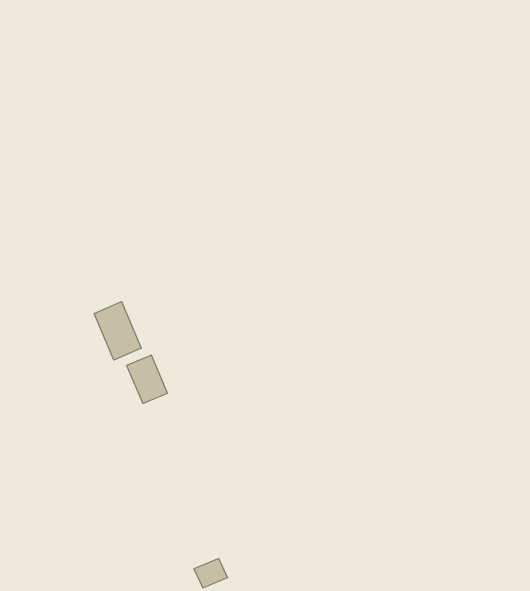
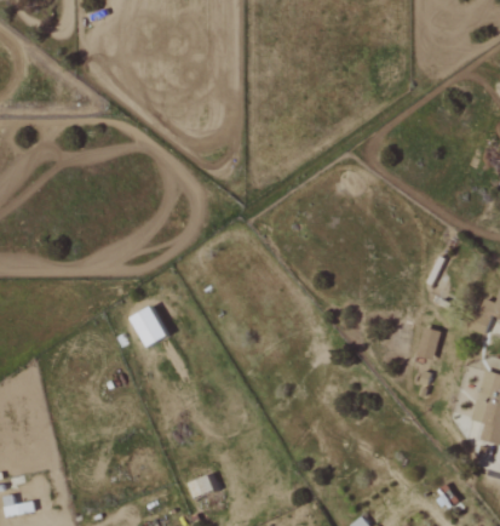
building: [94,302,141,360] -> none

